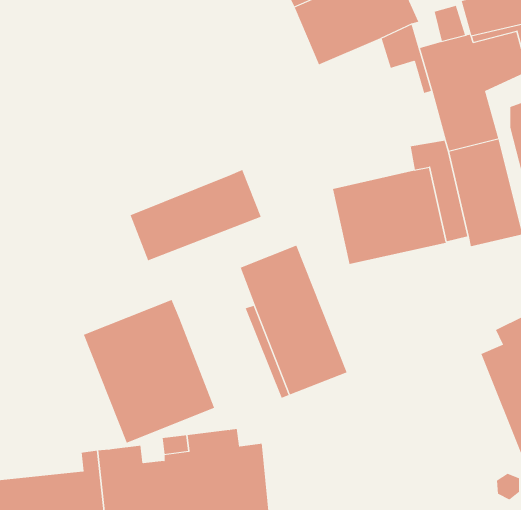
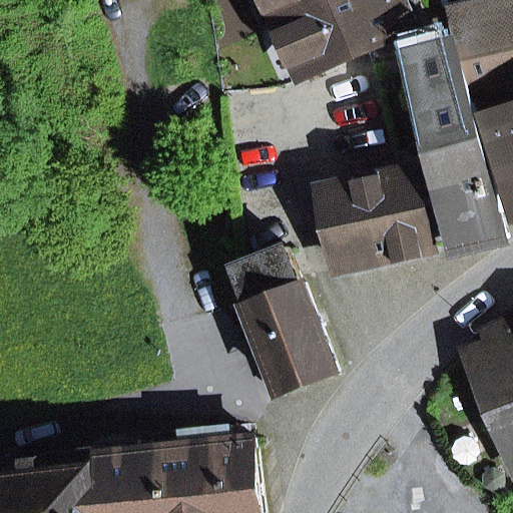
building: [130,169,261,261] -> none
building: [83,299,215,443] -> none

